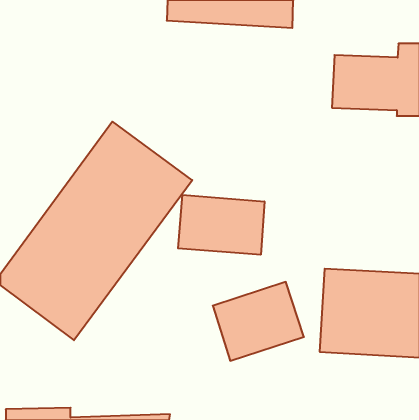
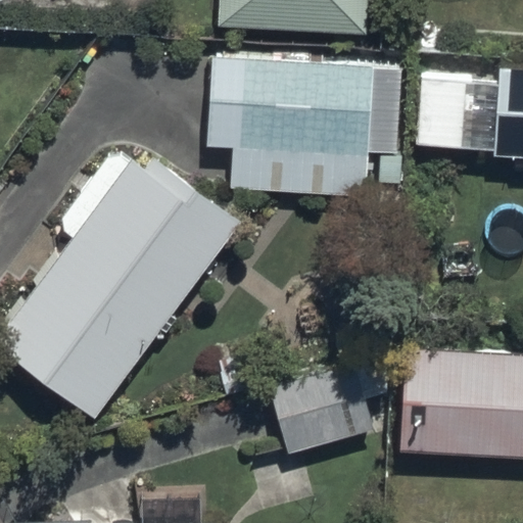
building: none -> [224,58,393,203]
building: [178,195,264,255] -> none

